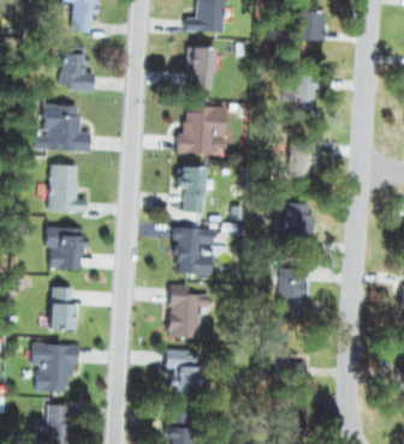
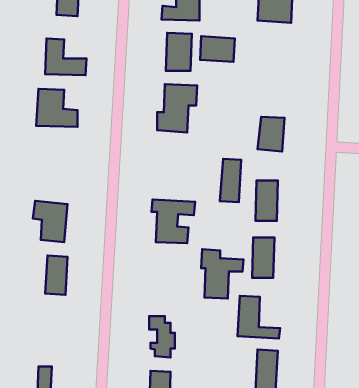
building: [280,76,317,103] -> [200,36,235,62]
building: [183,167,206,214] -> [220,159,241,202]
building: [48,168,89,209] -> none
building: [168,286,214,338] -> [201,249,244,299]
building: [35,346,76,394] -> none

